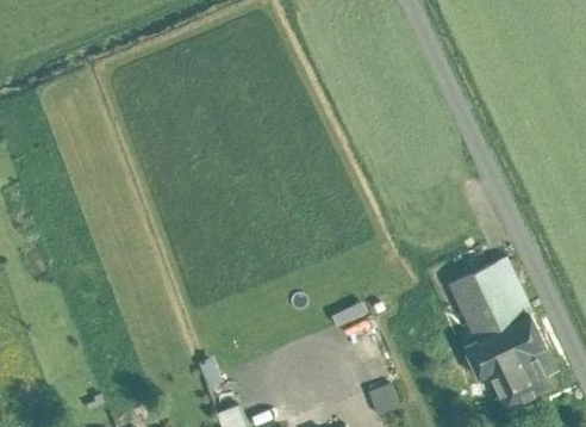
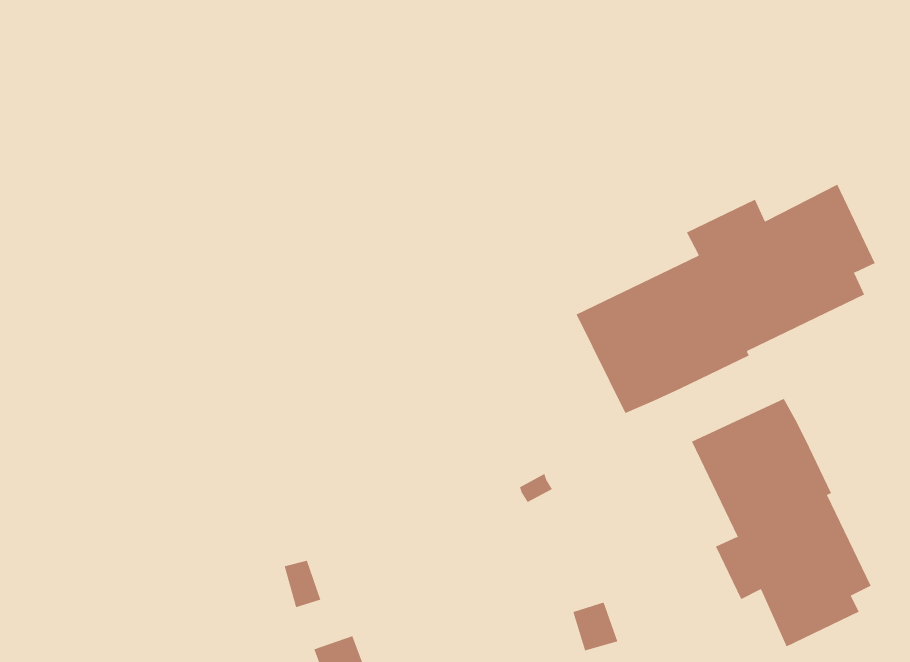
building: none -> [576,184,875,414]

